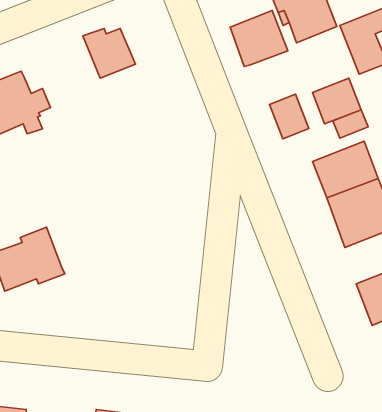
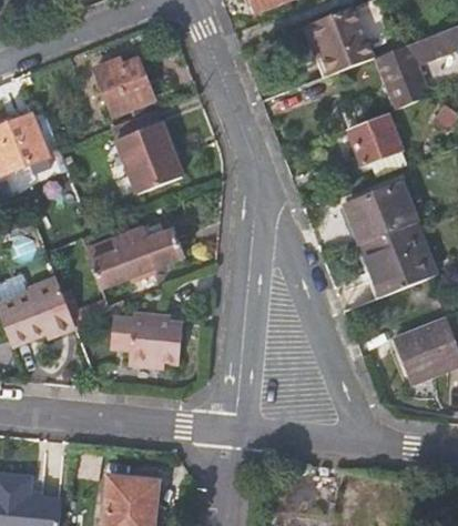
building: [230,11,288,67] -> none
building: none -> [118,107,189,191]
building: [269,94,309,139] -> none
building: none -> [89,226,182,287]
building: none -> [110,312,181,366]

